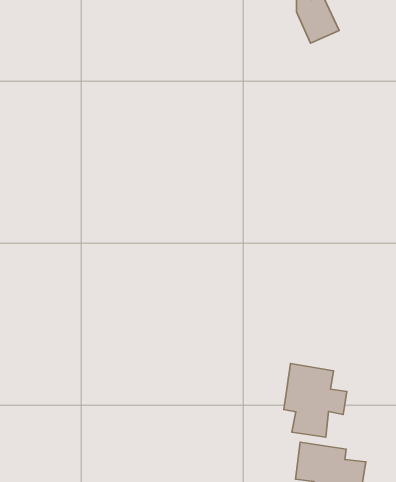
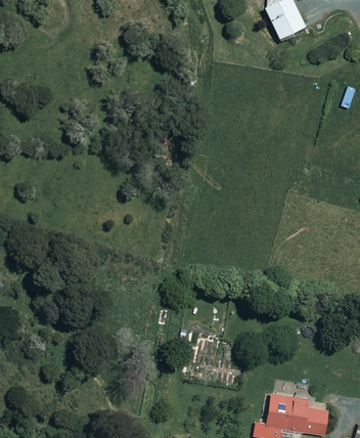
building: [284,364,347,437] -> none

